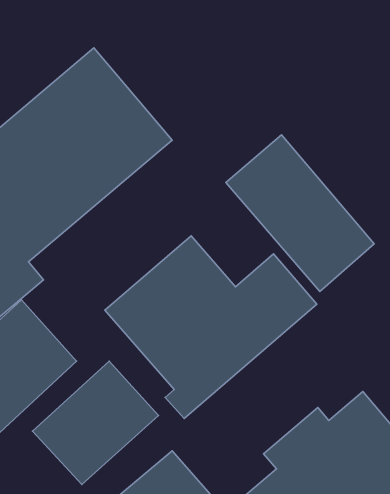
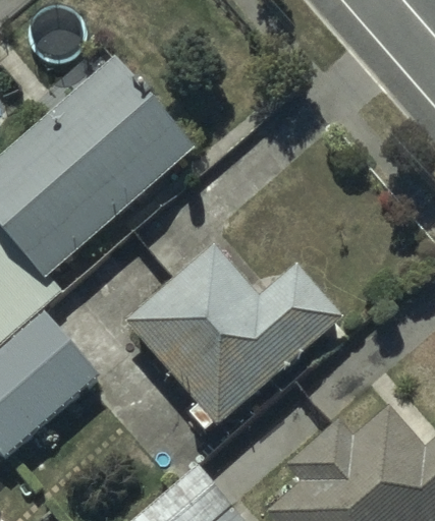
building: [226,135,374,292] -> none
building: [33,361,158,484] -> none

